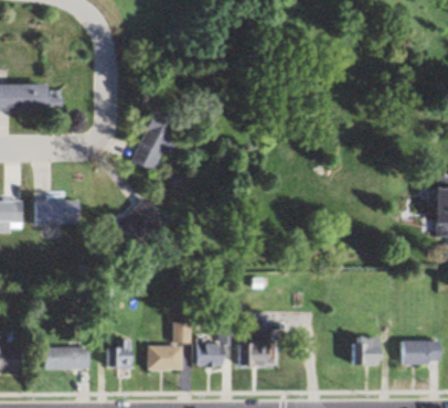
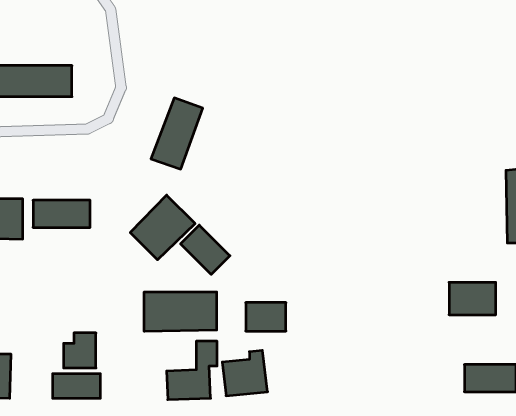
building: none -> [181,225,230,274]
building: none -> [144,292,217,331]
building: [350,336,390,364] -> [449,282,496,315]
building: [105,339,132,368] -> [64,333,96,368]
building: [237,340,271,364] -> [246,303,286,331]

